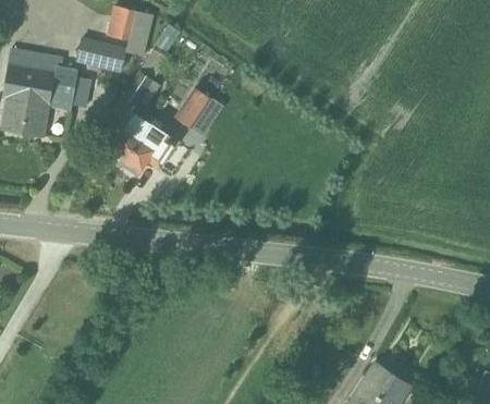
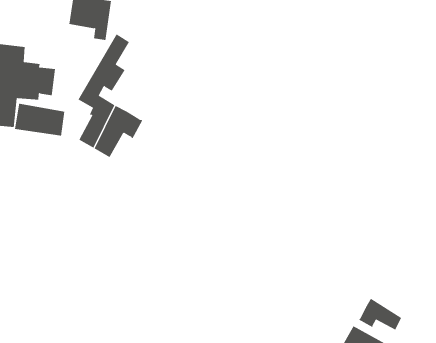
building: [77,36,131,73] -> [14,103,65,136]
building: [176,86,213,128] -> none
building: none -> [358,298,402,330]

